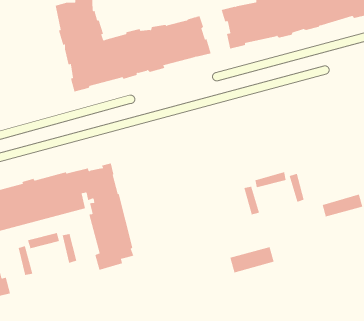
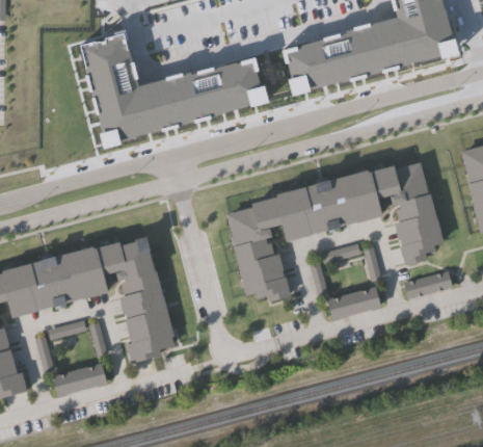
building: none -> [226,162,445,303]
building: [230,246,274,273] -> [326,288,380,320]
building: none -> [52,359,111,393]

